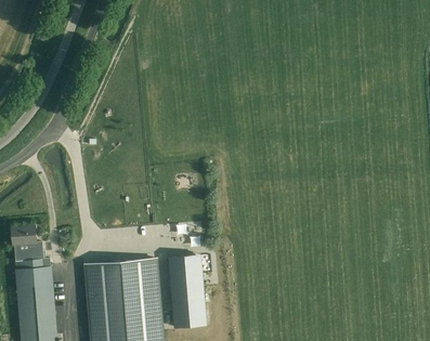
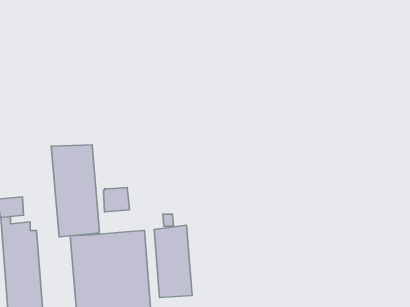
building: none -> [51,145,100,237]
building: none -> [104,187,129,212]

